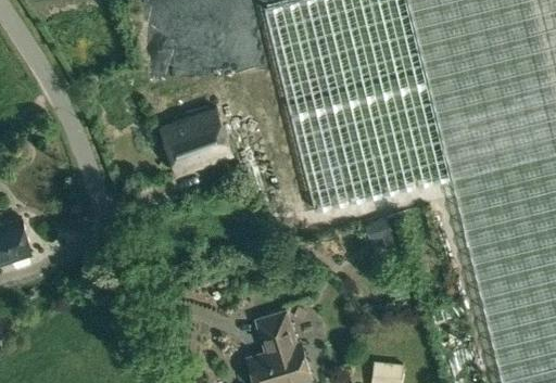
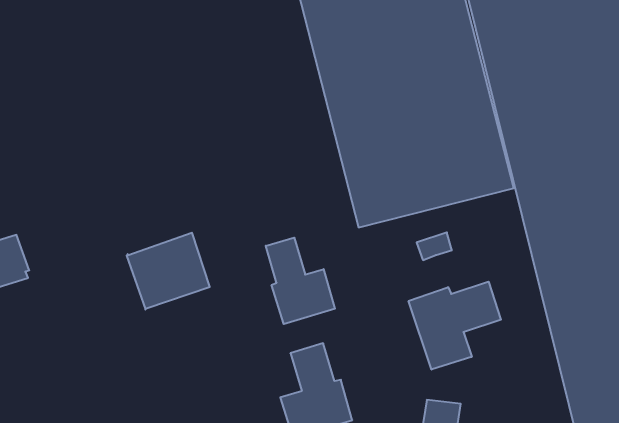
building: [161,108,232,175] -> [127,233,210,310]
building: none -> [266,238,335,324]
building: none -> [409,282,501,370]

